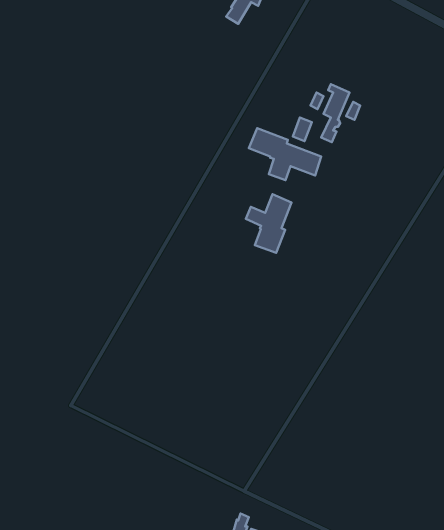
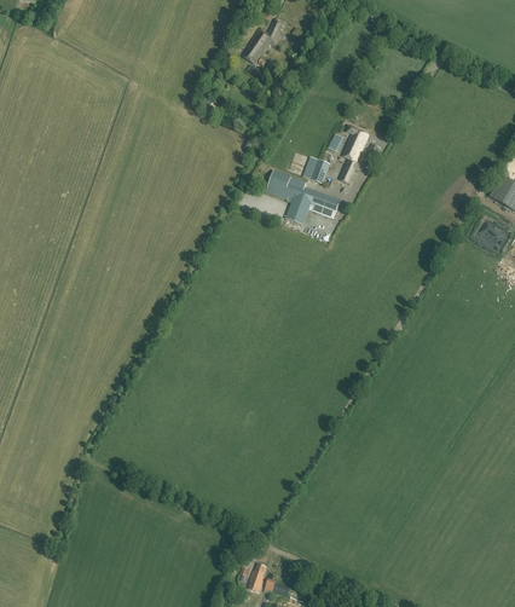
building: [246,194,292,253] -> none

